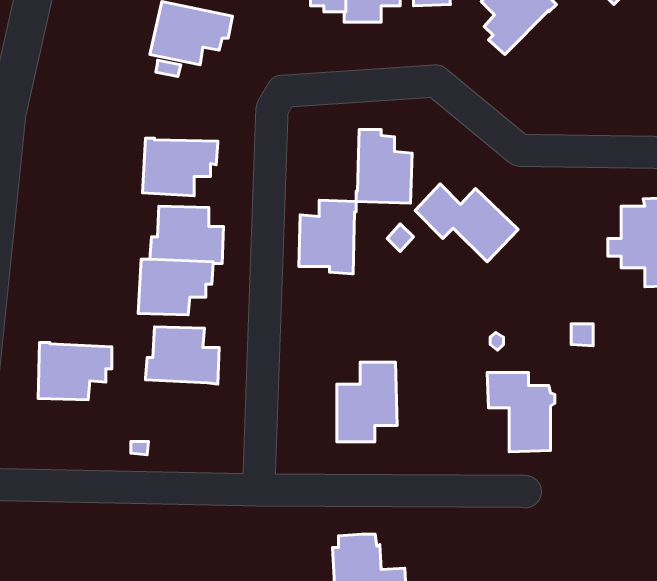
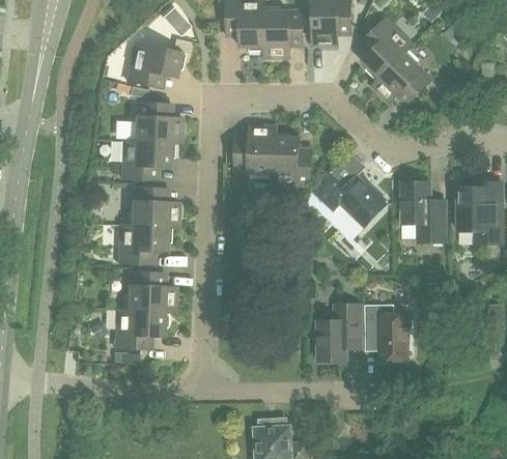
building: none -> [371,49,431,104]
building: none -> [130,102,181,142]
building: none -> [401,181,446,241]
building: [299,200,356,274] -> [234,124,275,176]
building: [38,342,112,400] -> [115,308,167,348]
building: [337,362,397,442] -> [318,304,361,360]

